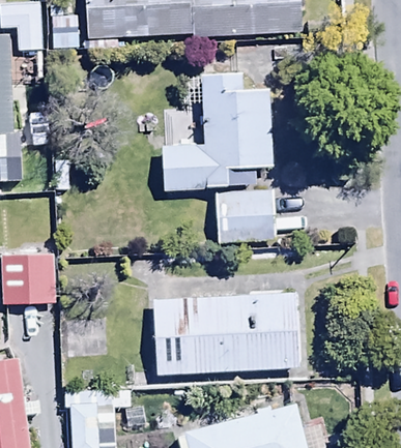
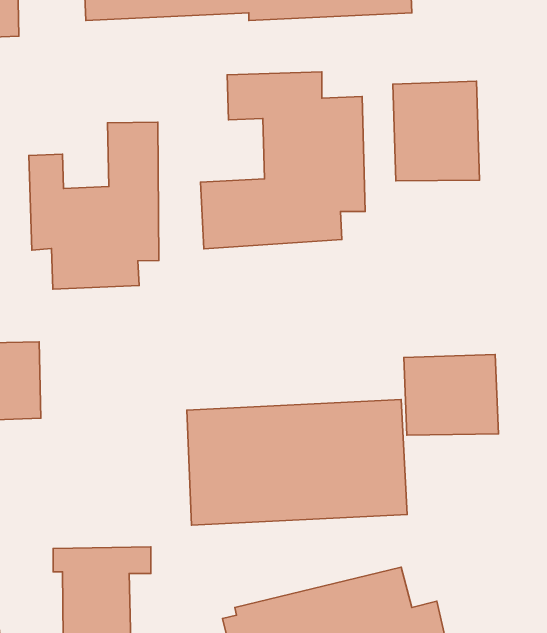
building: none -> [393,81,480,181]
building: none -> [29,122,159,289]
building: [214,188,278,242] -> [404,355,498,435]

